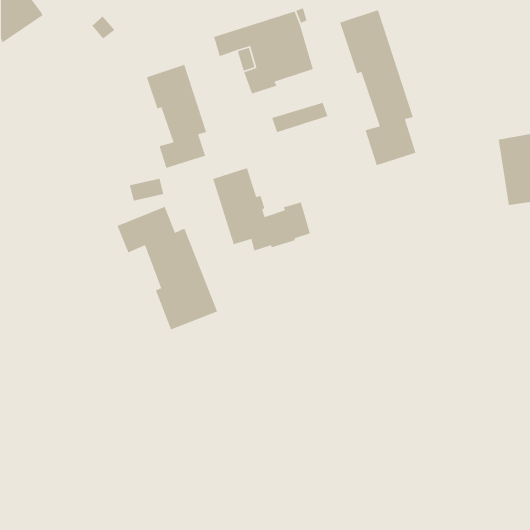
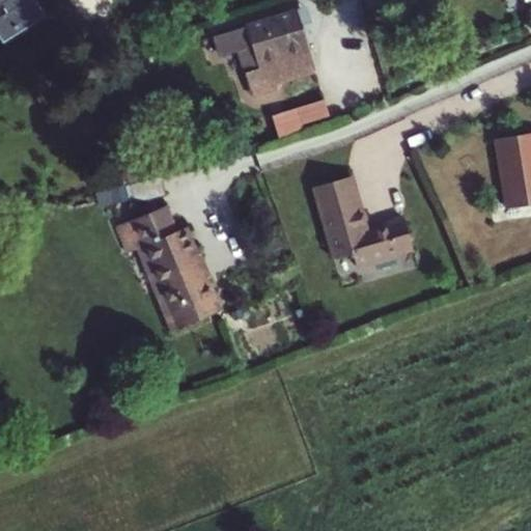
building: [339,9,417,166] -> none
building: [146,64,207,169] -> none
building: [212,167,311,251] -> [312,175,411,259]

